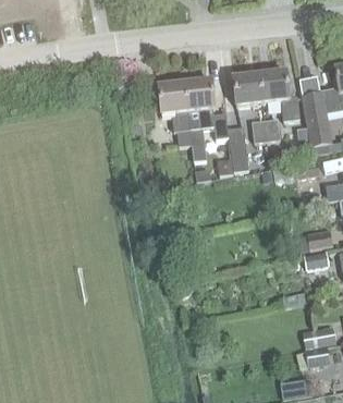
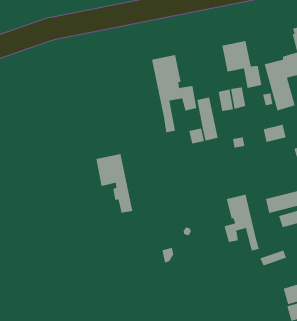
building: [232,73,262,105] -> none
building: [158,82,193,144] -> [95,154,133,213]
building: none -> [224,194,260,251]

